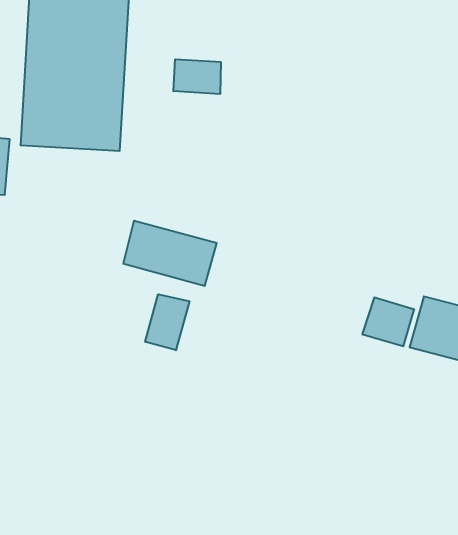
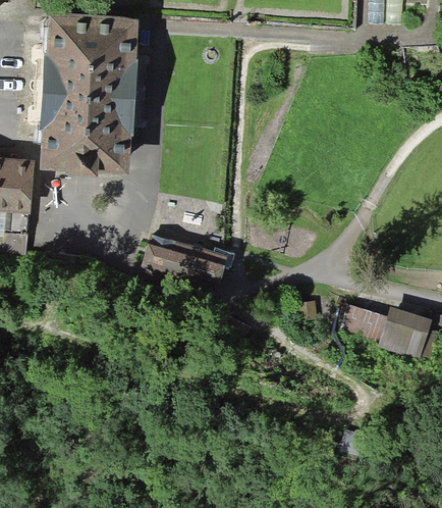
building: [173,59,221,94] -> none
building: [145,294,189,350] -> none

